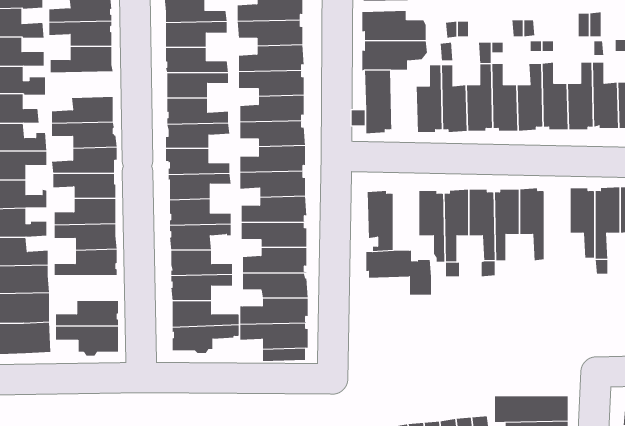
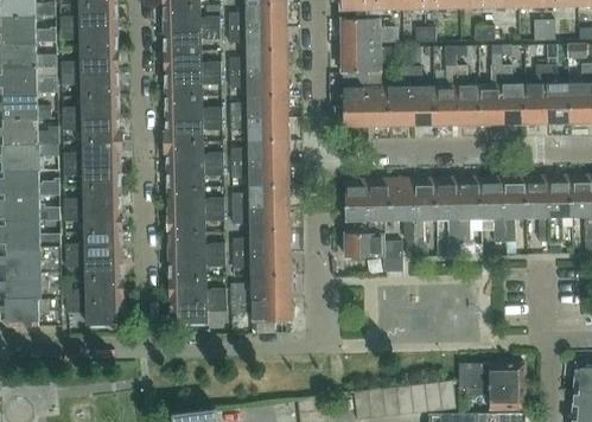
building: none -> [367,71,390,127]
building: none -> [62,72,119,96]
building: none -> [504,177,527,241]
building: none -> [369,179,392,232]
building: none -> [65,255,123,277]

